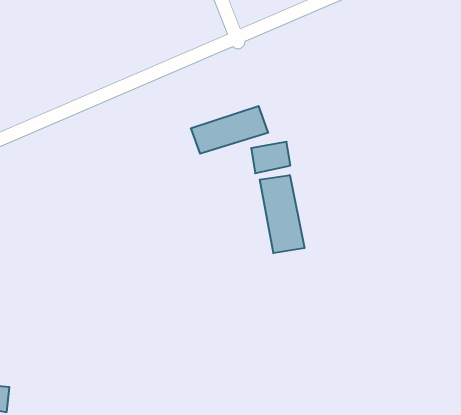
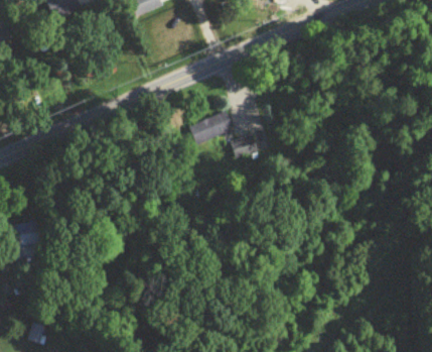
building: [260,175,305,253] -> none

